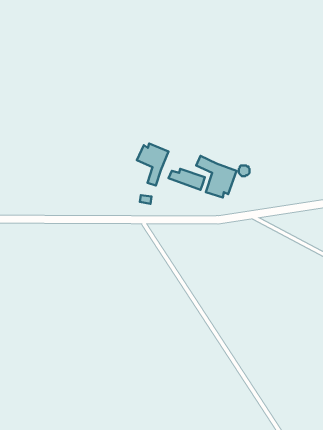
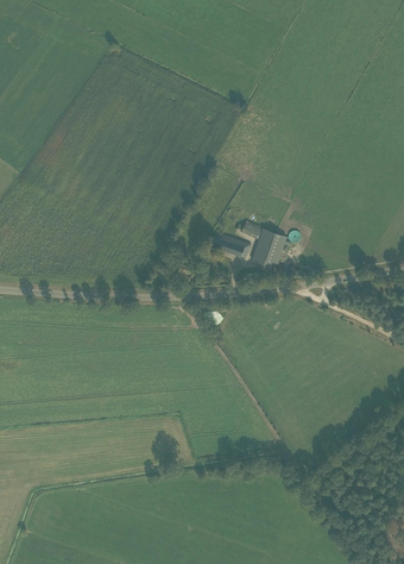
building: [137,143,168,186] -> none

